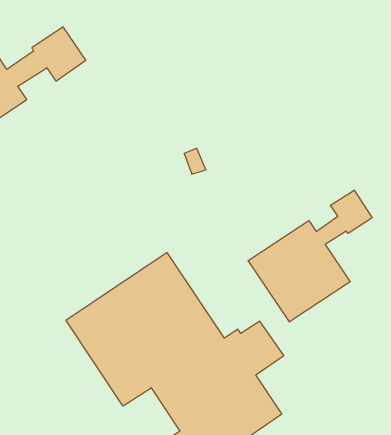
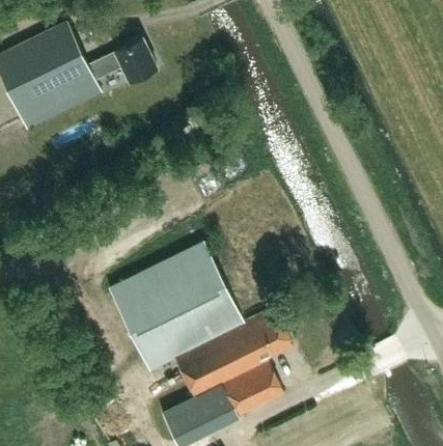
building: [248,190,372,322] -> none

